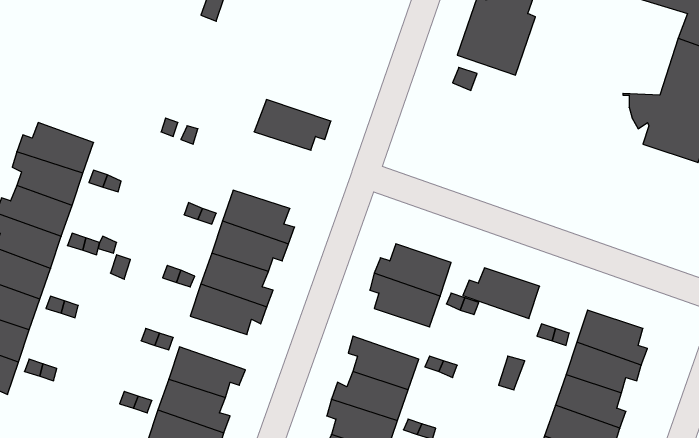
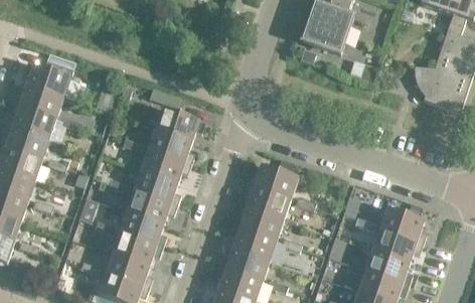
building: none -> [23,61,69,98]
building: [254,100,331,150] -> [154,108,204,141]
building: [463,268,540,319] -> [232,206,283,240]
building: none -> [119,211,166,247]

